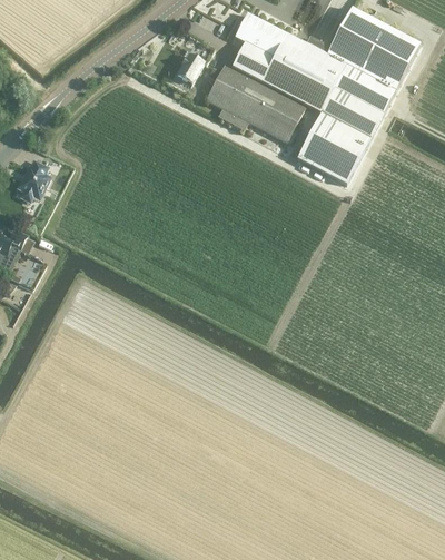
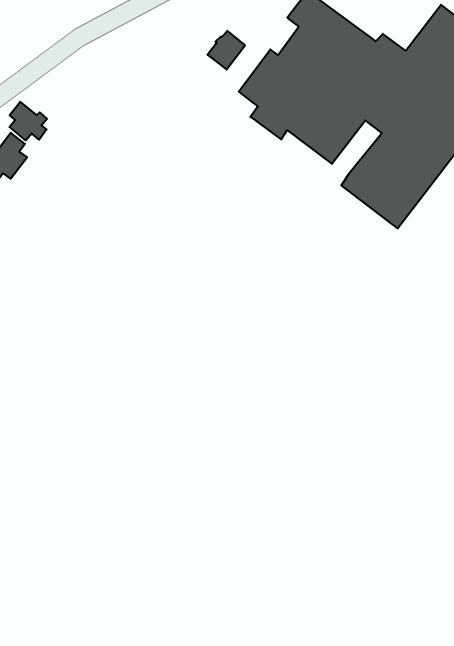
building: none -> [9,102,47,140]

